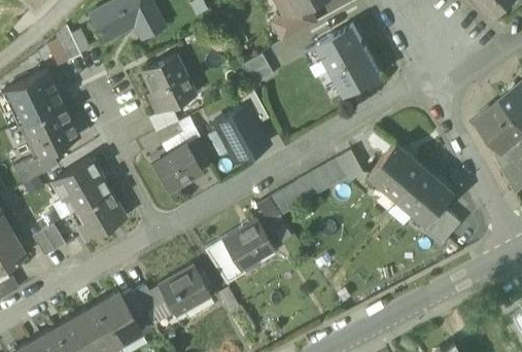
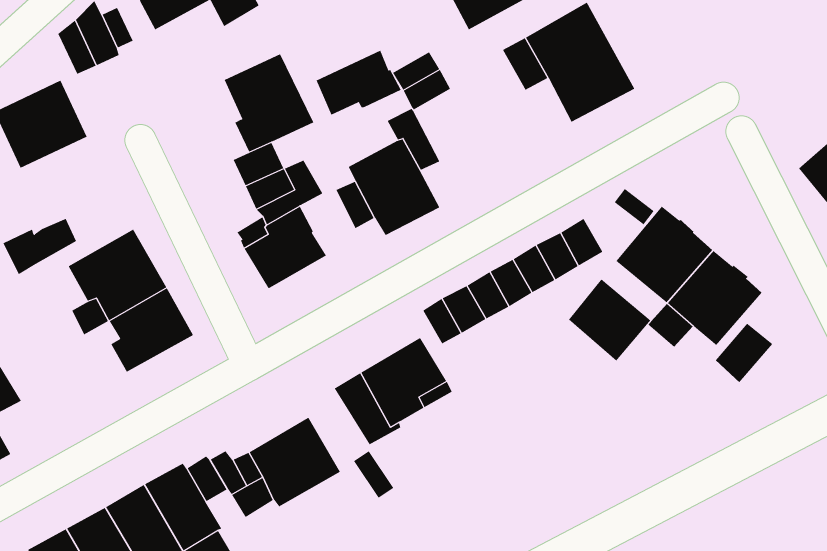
building: none -> [316,50,401,116]
building: [24,103,78,156] -> none
building: none -> [568,279,651,361]
building: [32,223,65,256] -> none

